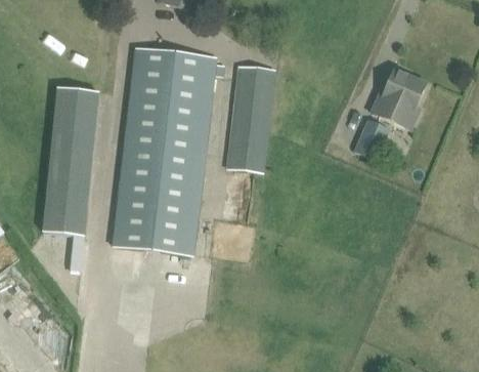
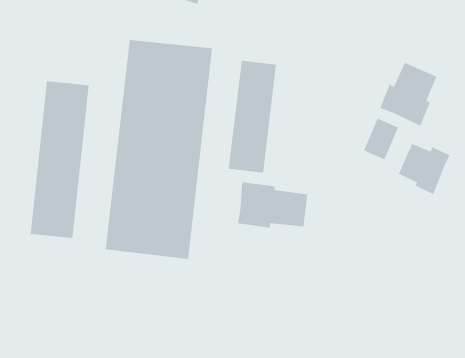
building: none -> [398,143,450,195]
building: none -> [237,181,308,228]

